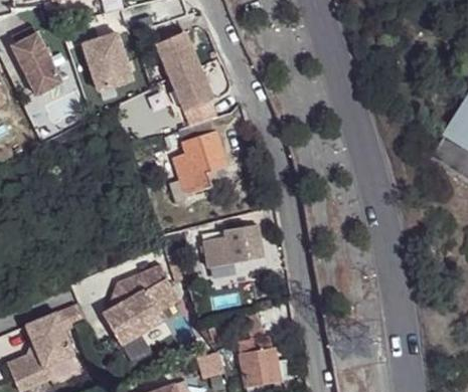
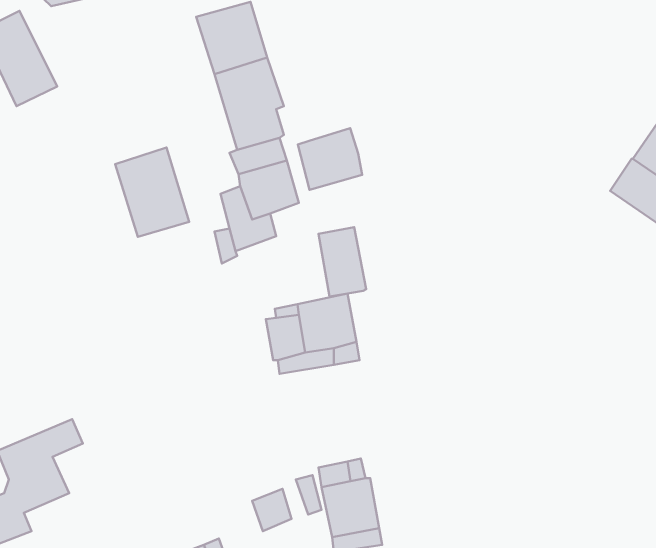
building: [84,33,133,92] -> [115,148,189,237]
building: none -> [298,128,362,190]
building: none -> [319,227,366,296]
building: [101,268,178,352] -> none

